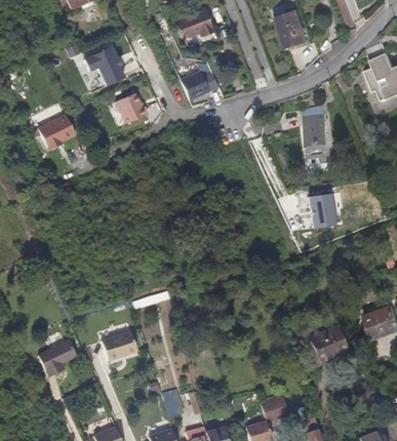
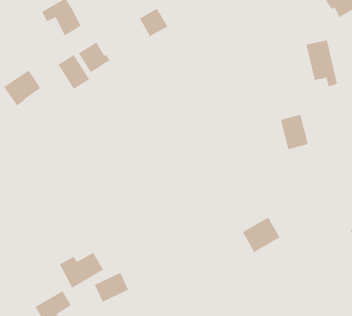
building: none -> [57,54,90,90]
building: [305,114,332,162] -> [305,39,338,87]
building: none -> [59,252,104,289]
building: [309,326,347,361] -> [242,216,280,253]

